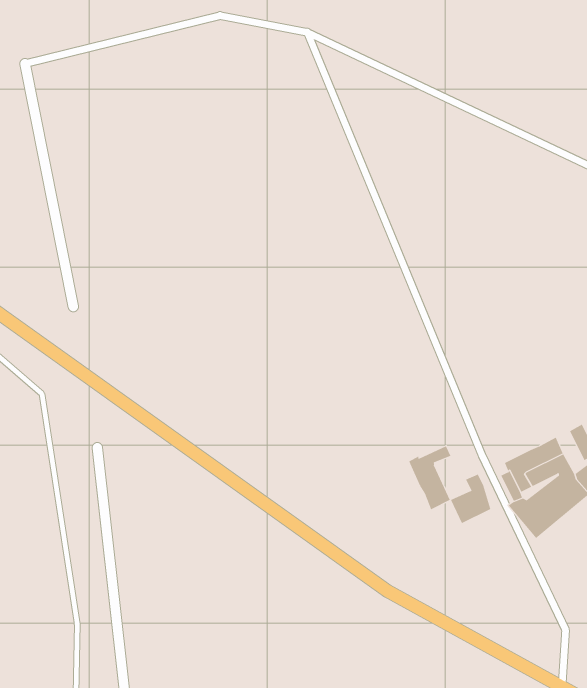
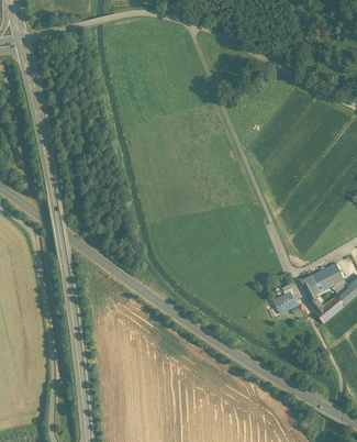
building: [408,446,451,510] -> none

